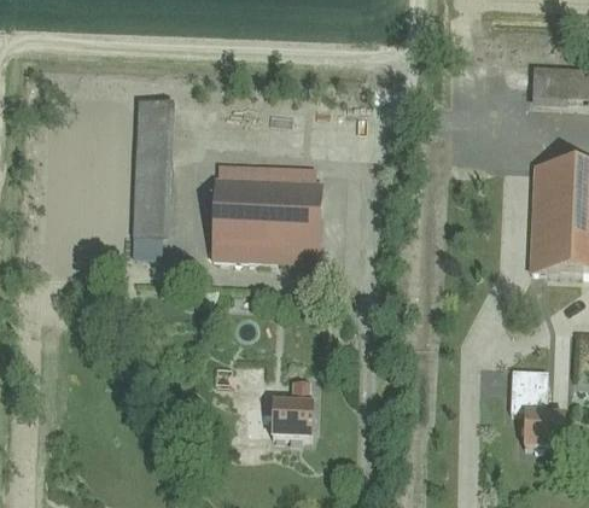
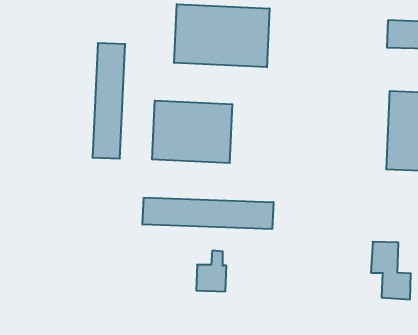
building: none -> [174,4,270,67]
building: none -> [143,198,273,229]

